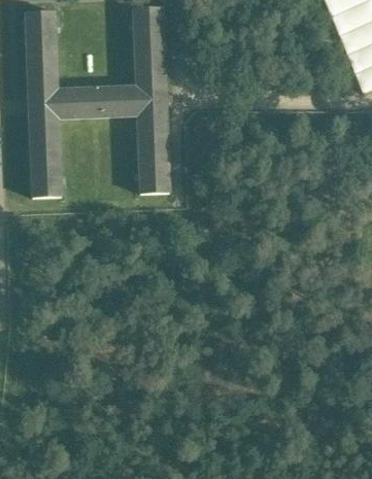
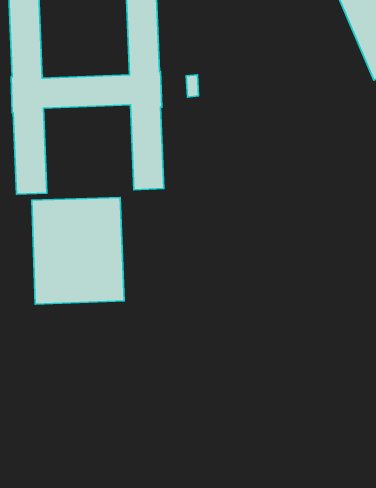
building: none -> [32,197,124,304]

